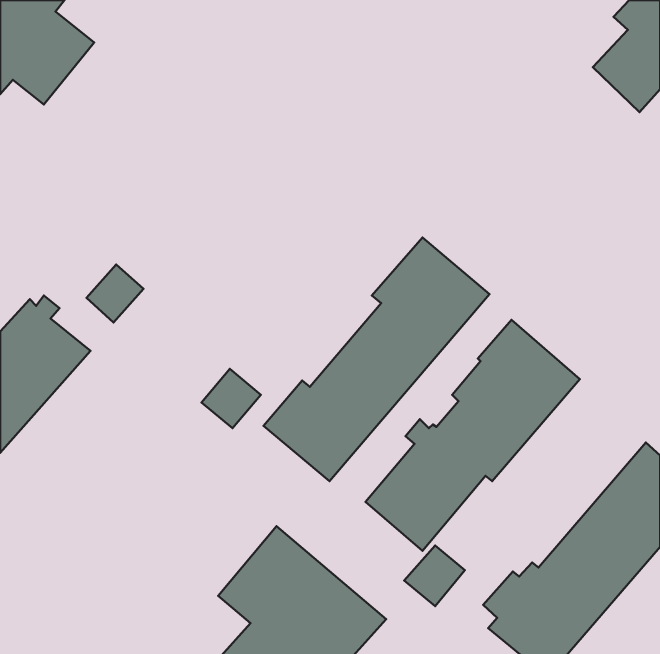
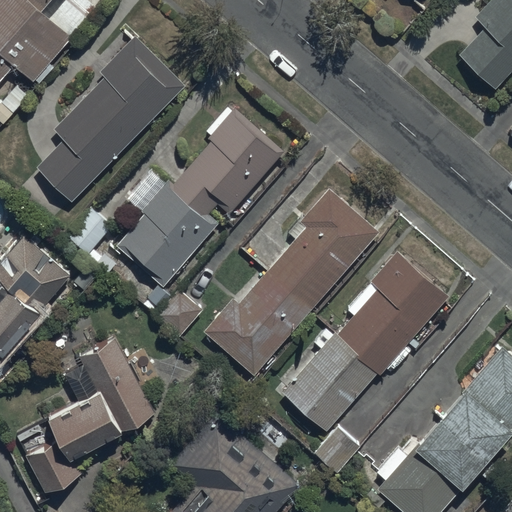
building: none -> [37,38,184,202]
building: none -> [118,107,283,287]
building: none -> [26,339,154,493]

